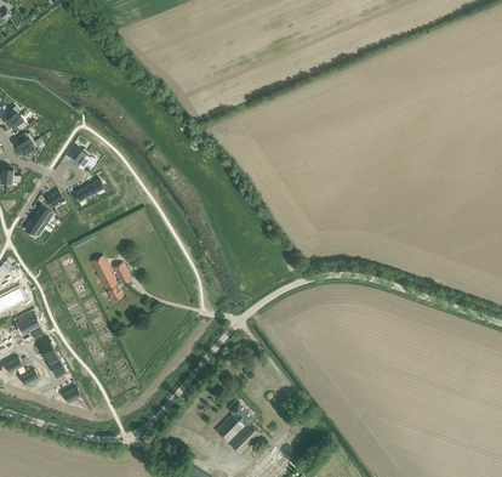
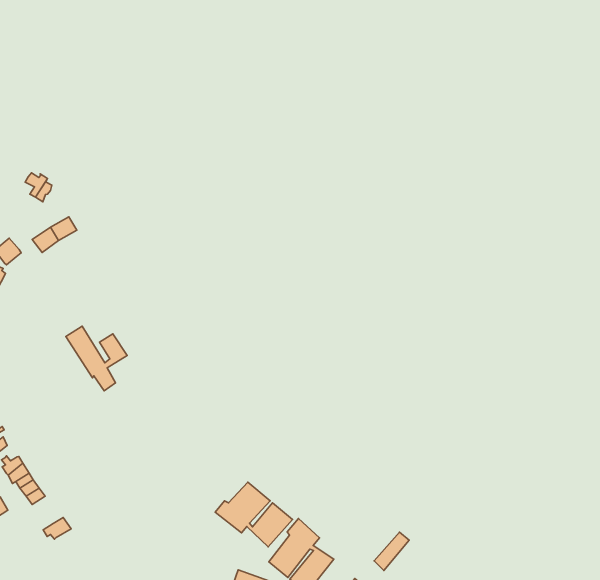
building: none -> [215,482,293,547]

